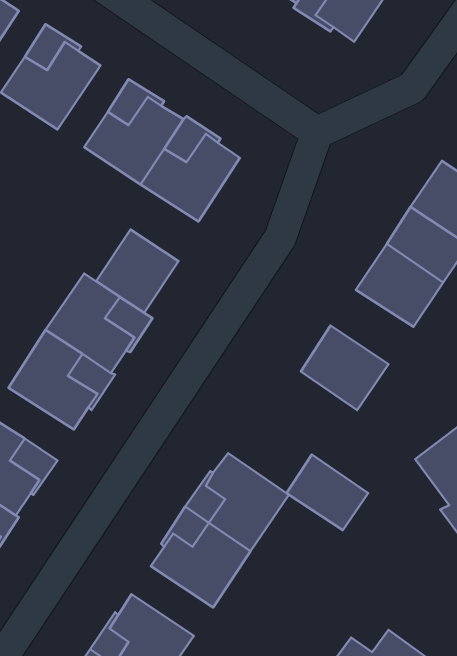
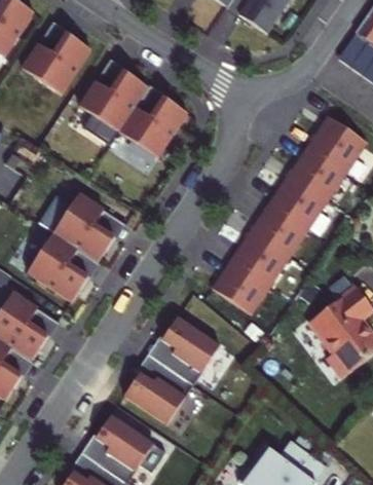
building: [96,229,179,313] -> none
building: none -> [250,204,307,256]
building: [286,454,368,530] -> [212,261,268,313]

